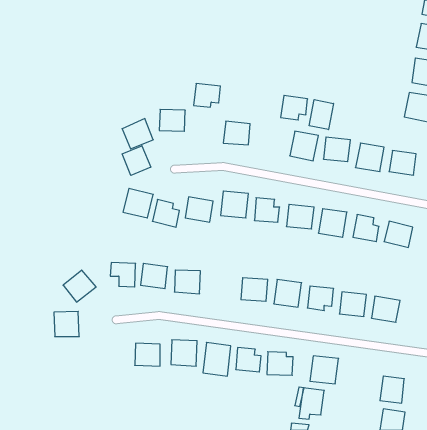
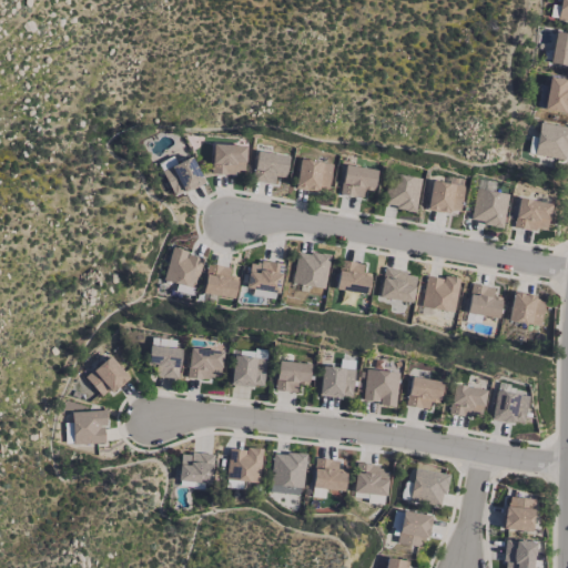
building: [194,84,220,107] -> [255,152,291,183]
building: [281,95,308,120] -> [343,165,378,197]
building: [309,100,333,130] -> none
building: [122,146,151,175] -> none
building: none -> [278,362,312,392]

